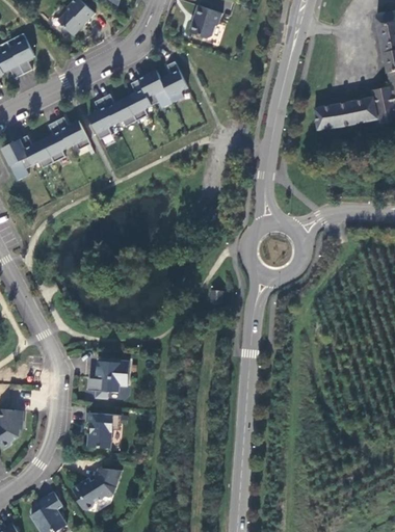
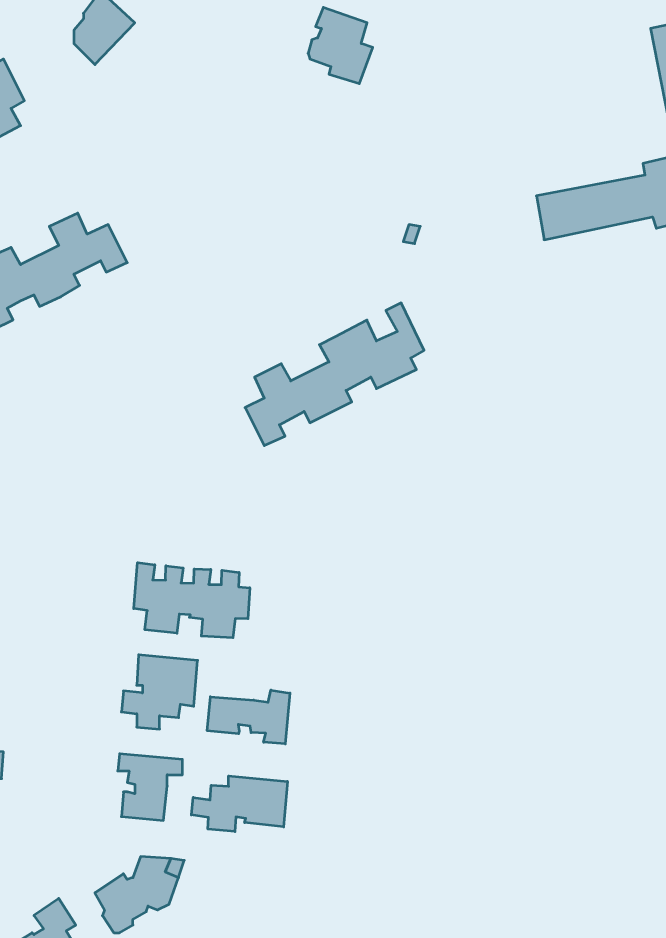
building: [89,60,187,138] -> [245,303,424,446]
building: none -> [134,563,250,638]
building: none -> [207,690,290,744]
building: none -> [191,776,287,832]

